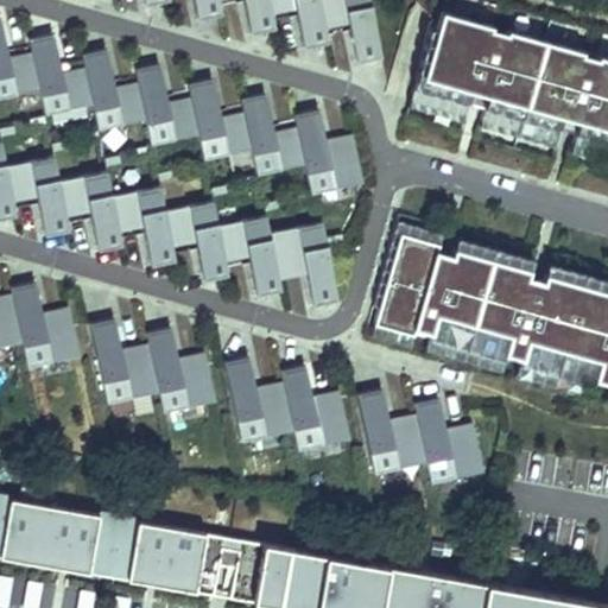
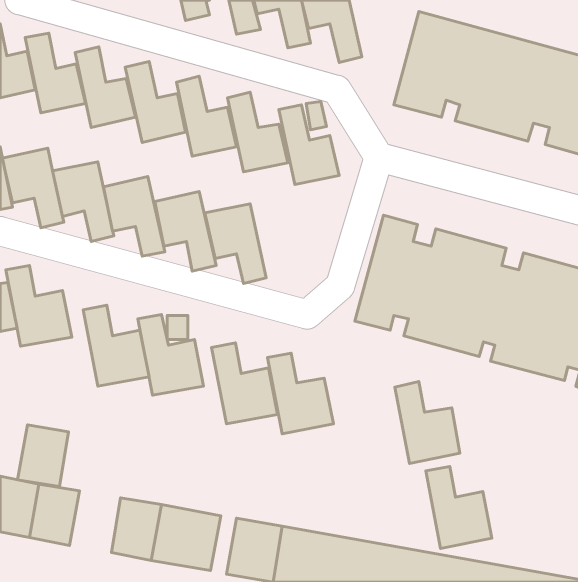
building: [271,223,334,306] -> none
building: [357,390,426,475] -> [426,466,492,548]
building: [76,512,129,576] -> [17,425,69,487]

